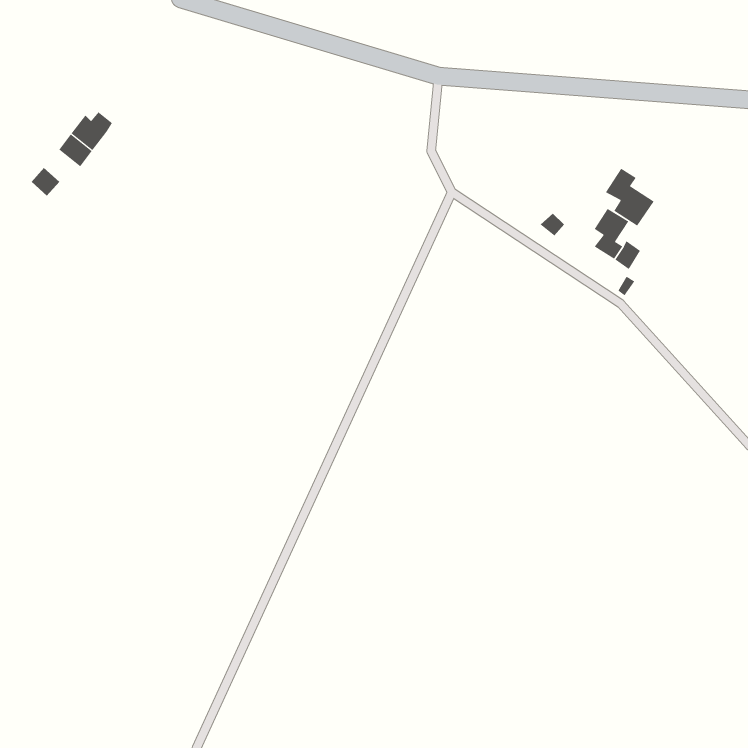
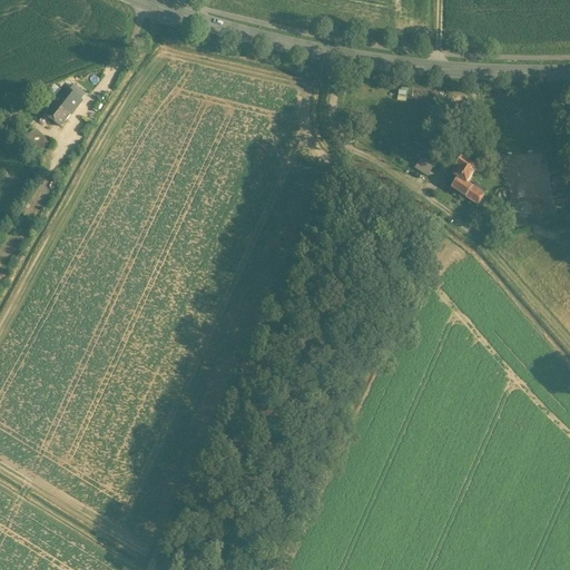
building: [605,168,655,227] -> none

